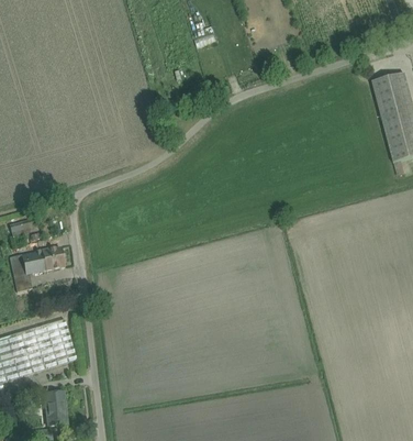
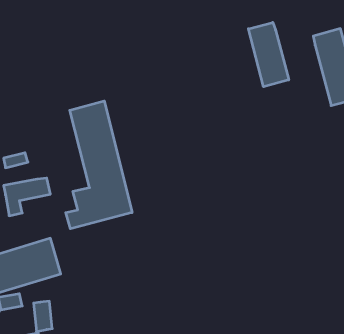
building: none -> [248,22,289,87]
building: none -> [66,101,132,229]

